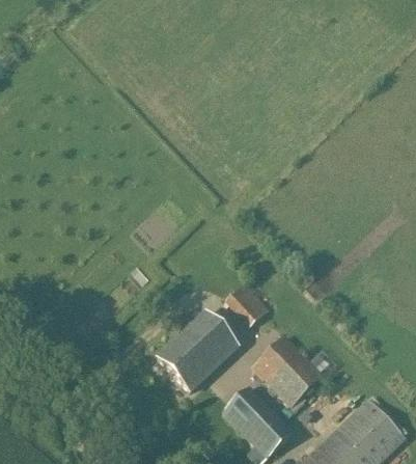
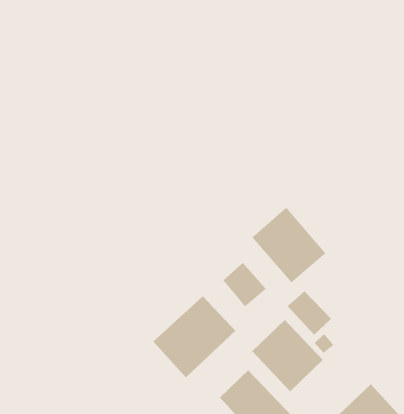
building: none -> [251,207,326,283]
building: none -> [287,290,332,336]

